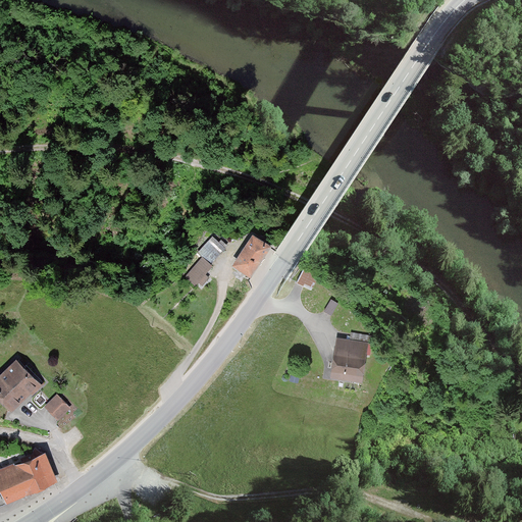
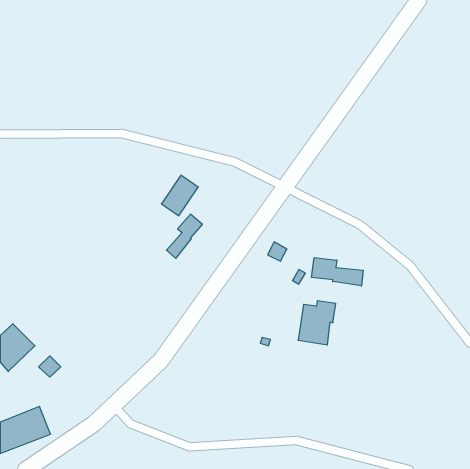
building: [231,232,272,277] -> [161,175,198,216]
building: none -> [312,258,363,286]

